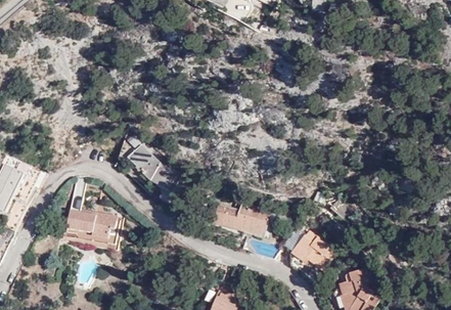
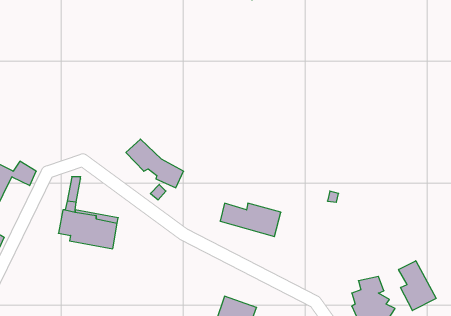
building: [287,232,335,272] -> none
building: none -> [399,261,436,311]

